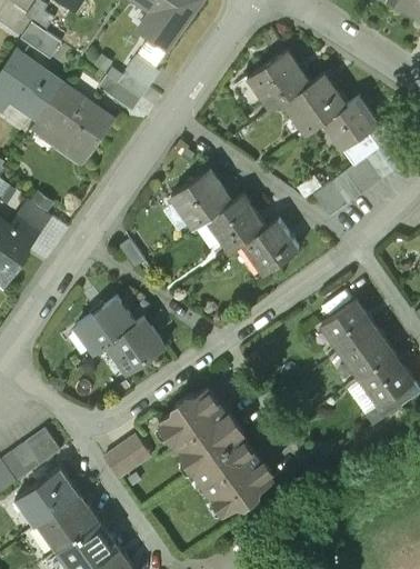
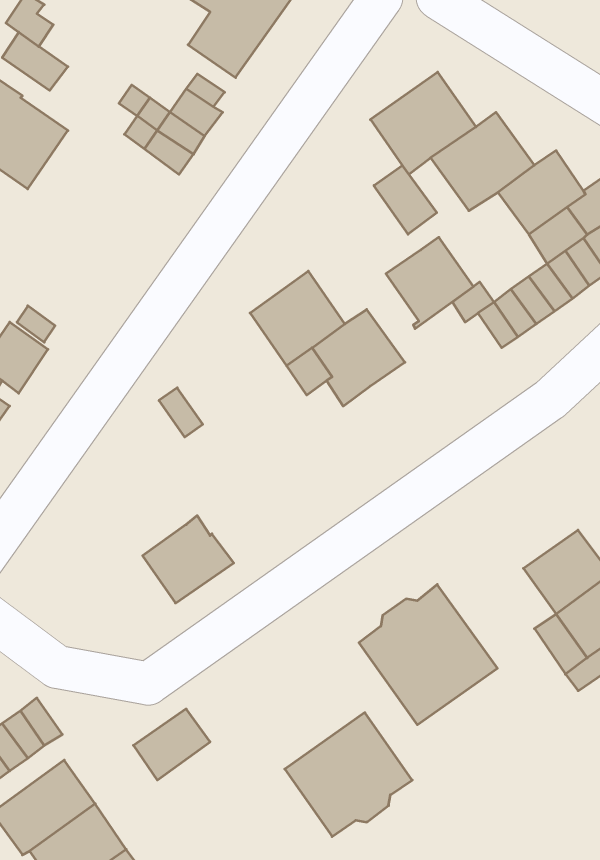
building: [37,83,111,154] -> none
building: none -> [374,166,437,234]
building: [247,217,300,272] -> [386,237,473,329]
building: [79,299,134,350] -> none
building: [321,300,373,350] -> none
building: [159,387,243,472] -> [359,584,497,725]

